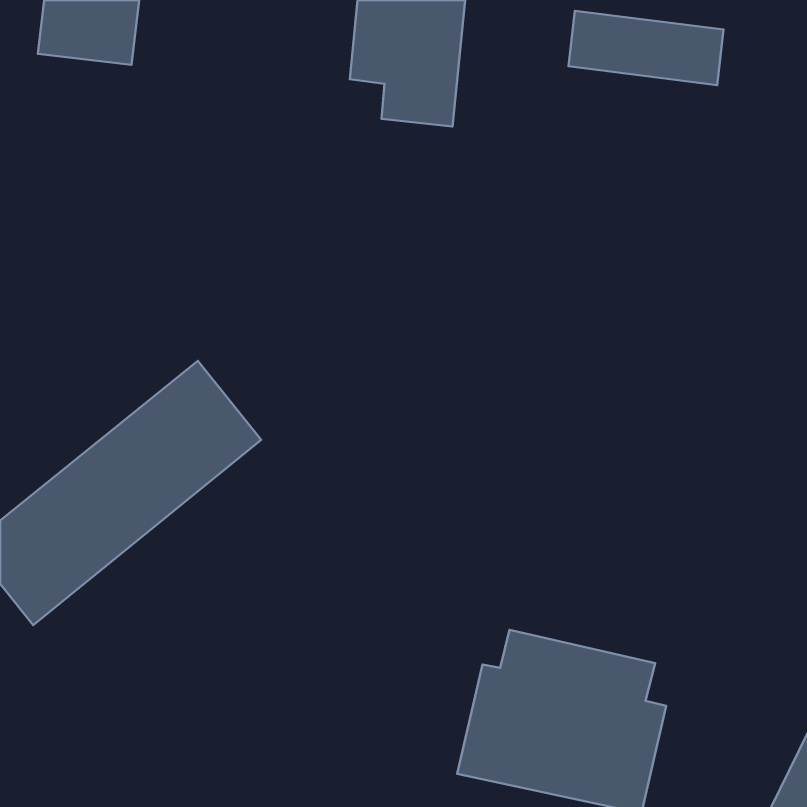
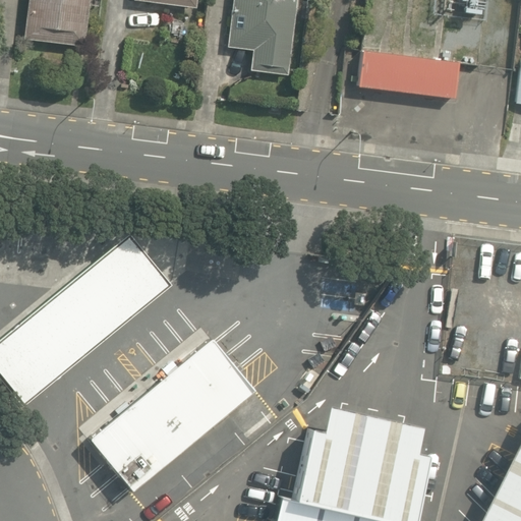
building: [569,11,724,85] -> [358,52,458,100]
building: none -> [90,339,254,490]

